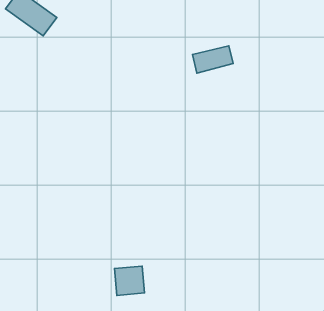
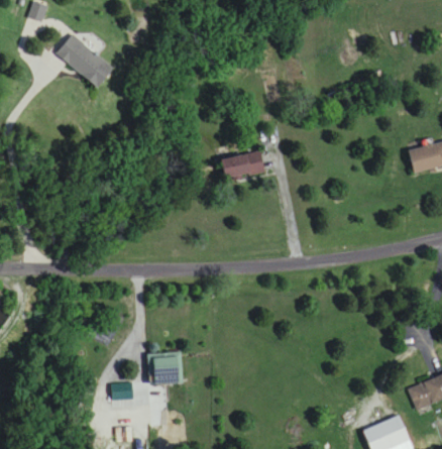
building: [193,46,233,73] -> [219,151,263,179]

